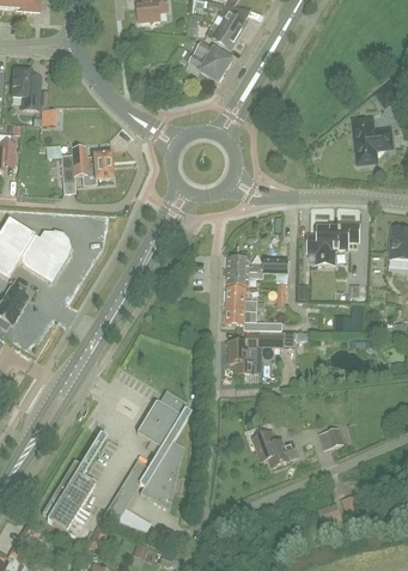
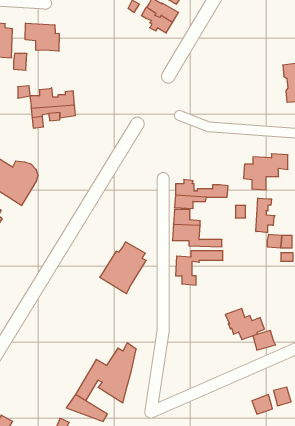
building: none -> [25,23,59,51]
building: none -> [256,198,275,232]
building: [136,389,190,449] -> [100,242,146,294]
building: [41,430,106,529] -> none
building: [252,430,298,466] -> [225,308,264,339]

